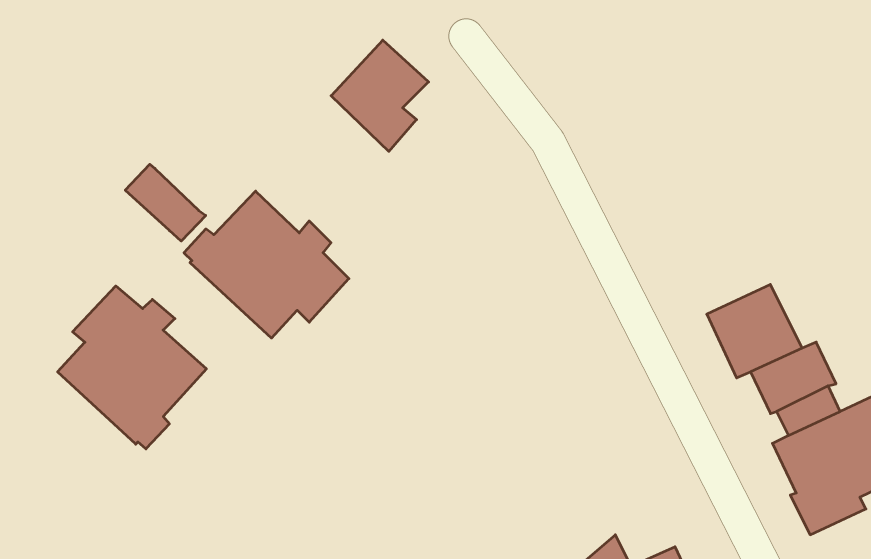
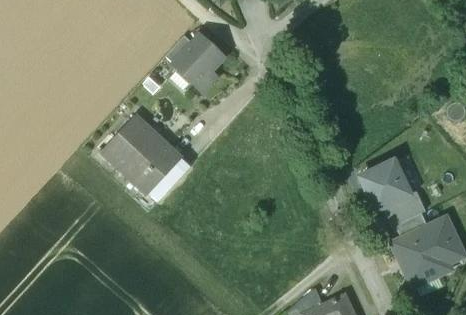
building: [125,164,206,241] -> none
building: [58,286,206,449] -> none

